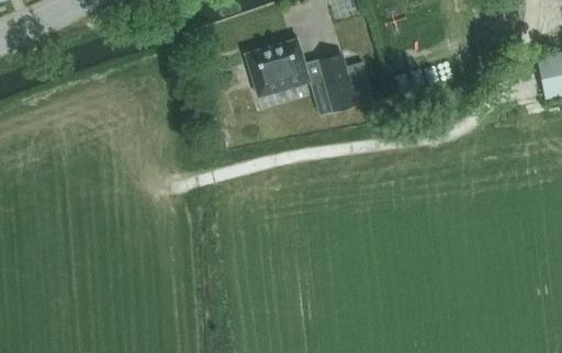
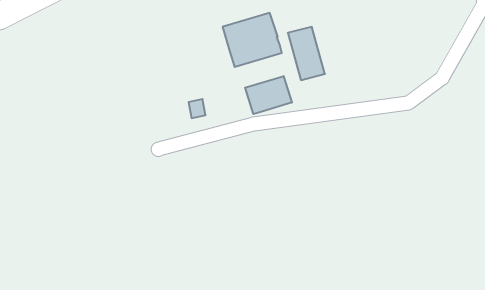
building: none -> [245,76,292,114]

